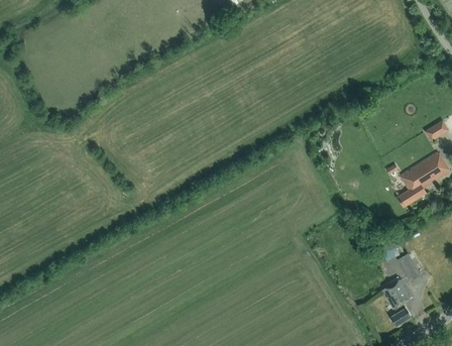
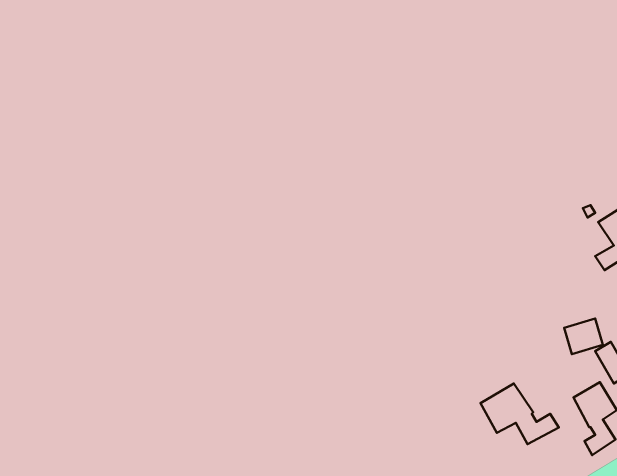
building: none -> [480,384,559,444]

